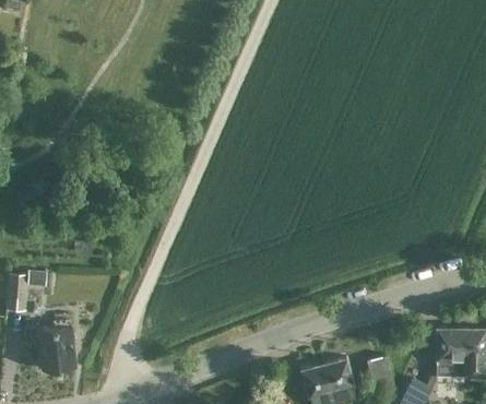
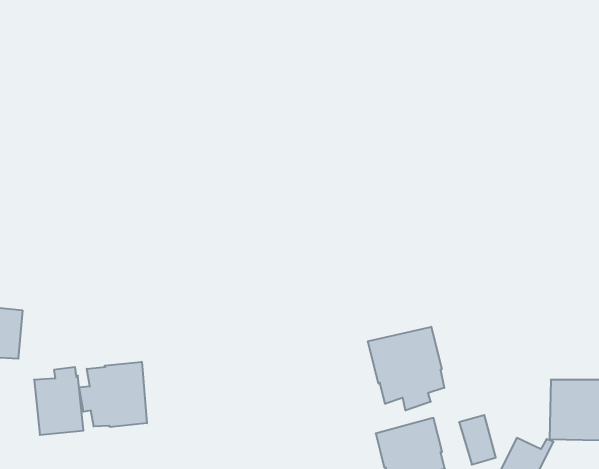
building: none -> [368,327,444,410]
building: none -> [79,362,147,427]

